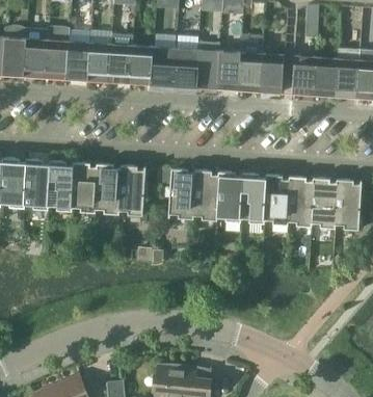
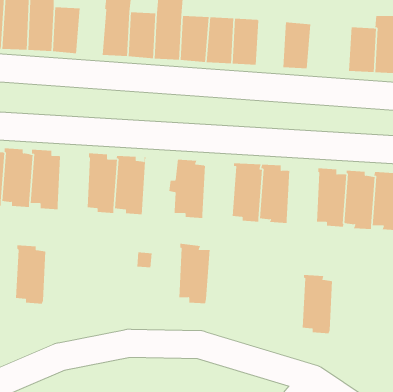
building: [87,43,111,82] -> none
building: [238,44,263,92] -> none
building: [292,56,317,96] -> none
building: [72,163,98,213] -> [15,245,46,304]
building: [193,170,220,221] -> [178,243,211,304]
building: [264,176,290,226] -> [302,275,333,334]

